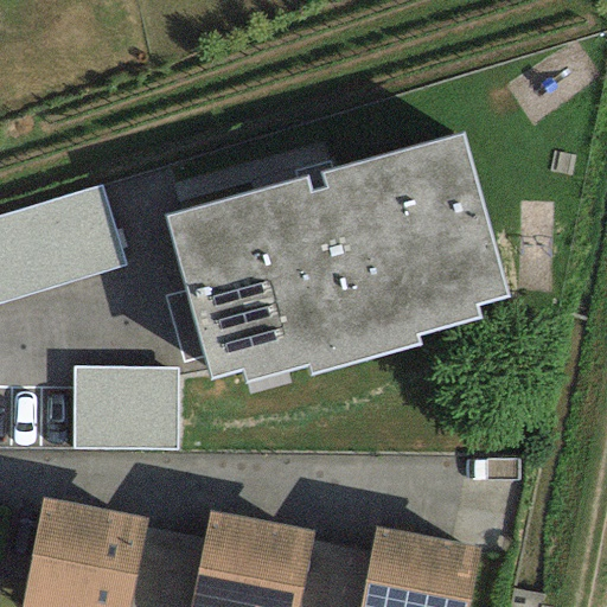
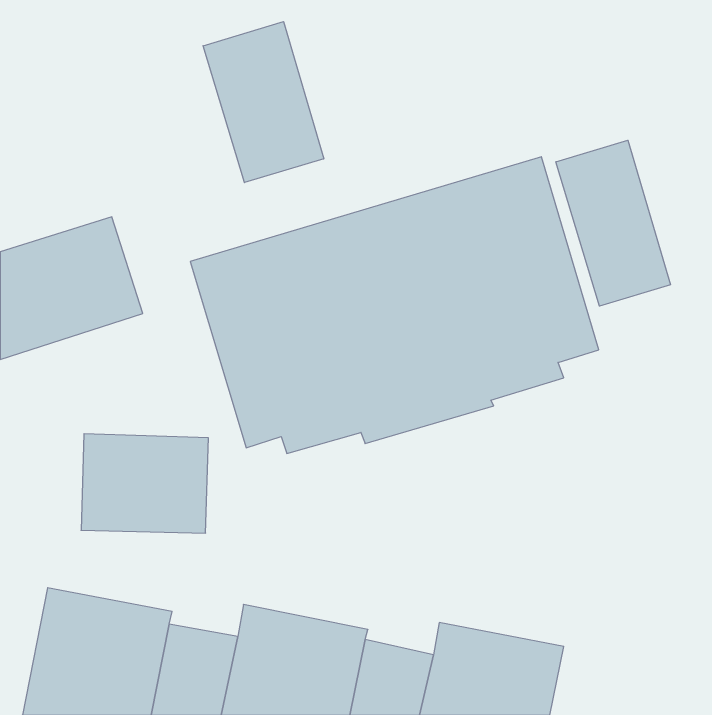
building: none -> [203,22,324,183]
building: none -> [556,140,671,306]

